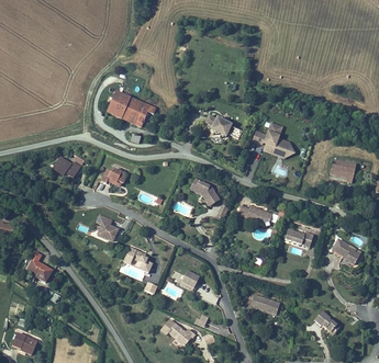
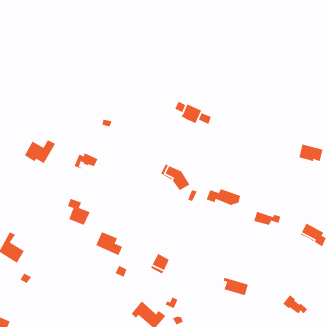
building: [107,91,157,126] -> none
building: [252,122,296,158] -> none

